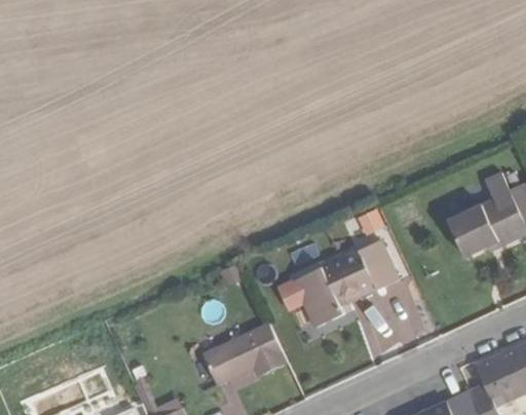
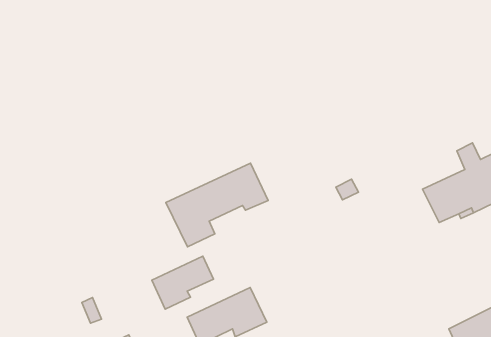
building: [293,239,400,327] -> [166,163,268,247]
building: none -> [152,256,214,309]

